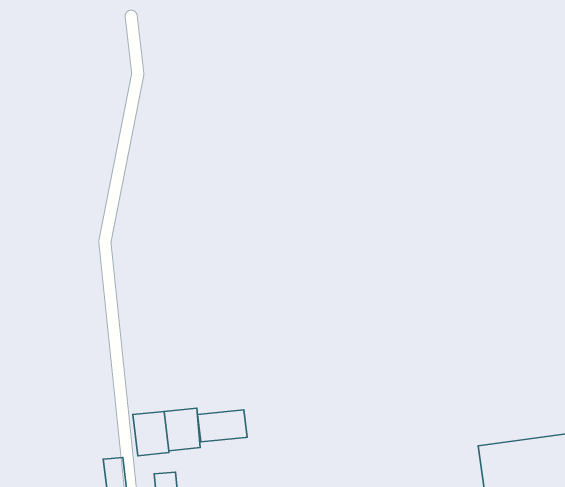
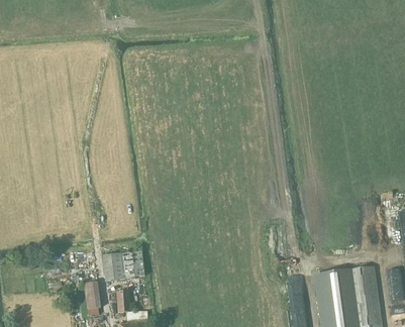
building: [197,410,247,442] -> none

